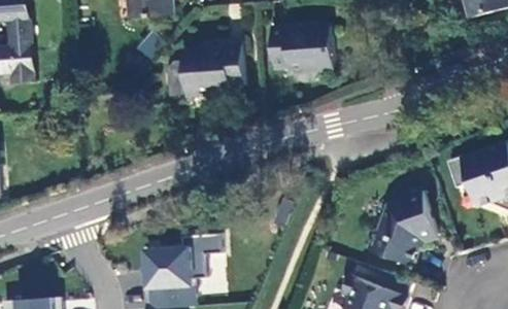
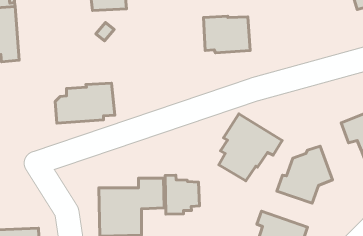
building: [170,44,246,96] -> [55,83,115,123]
building: none -> [219,114,282,181]
building: none -> [165,175,199,214]

